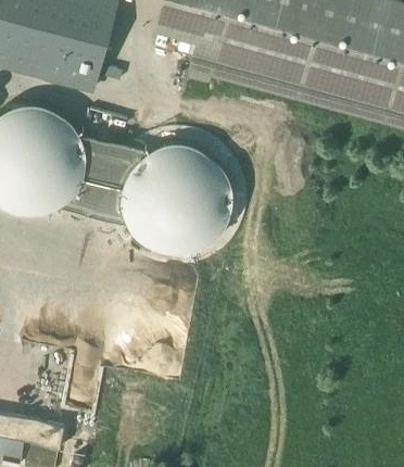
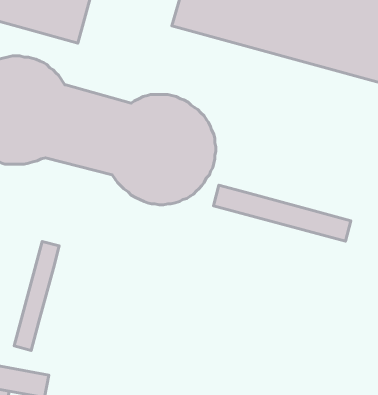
building: none -> [213,185,351,241]
building: none -> [14,241,59,350]

